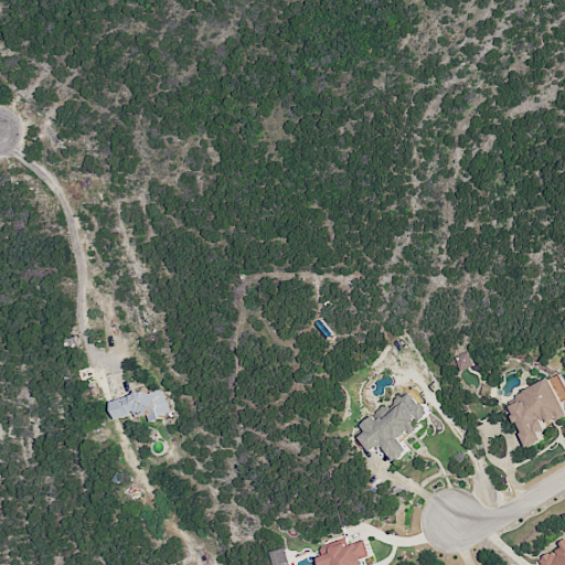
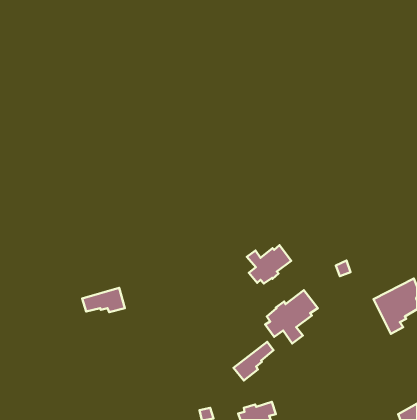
building: none -> [247,245,291,284]
building: none -> [234,342,273,381]

